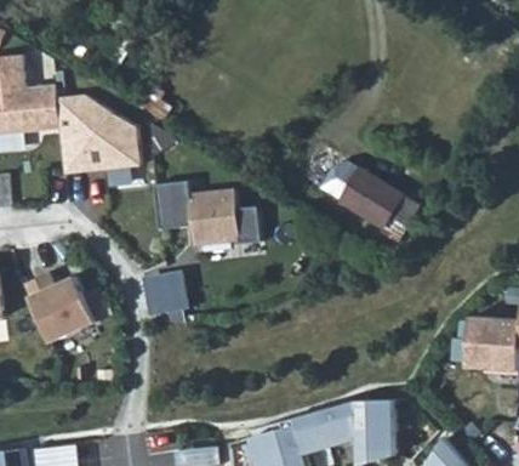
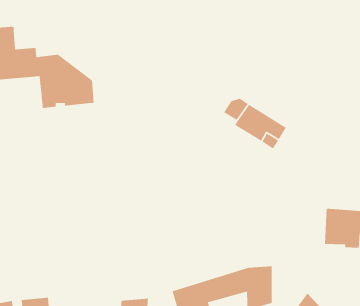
building: [154,180,260,244] -> none
building: [144,268,193,314] -> none
building: [21,271,93,340] -> none

